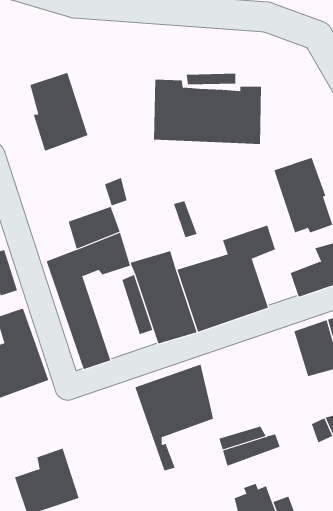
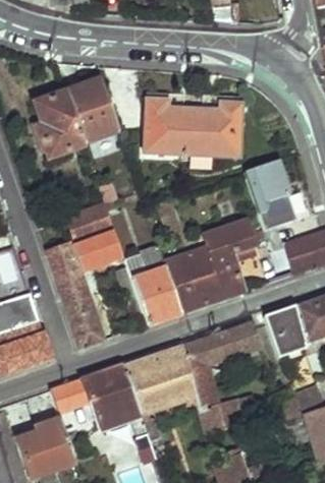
building: none -> [67,79,119,143]
building: none -> [183,319,259,405]
building: none -> [54,364,155,457]

